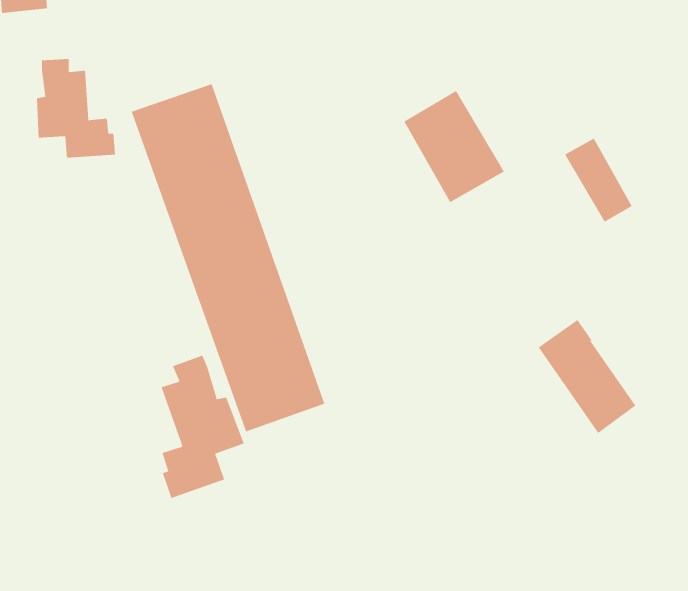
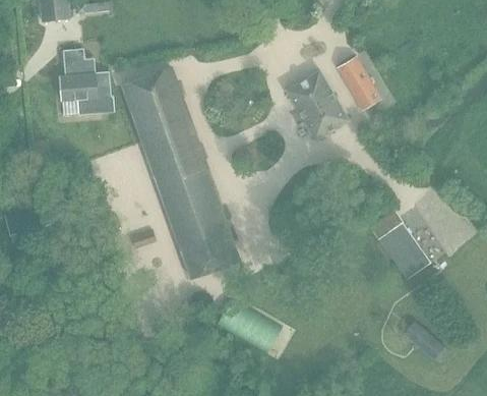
building: [564,138,632,223] -> [339,55,380,107]
building: [161,355,244,499] -> none

